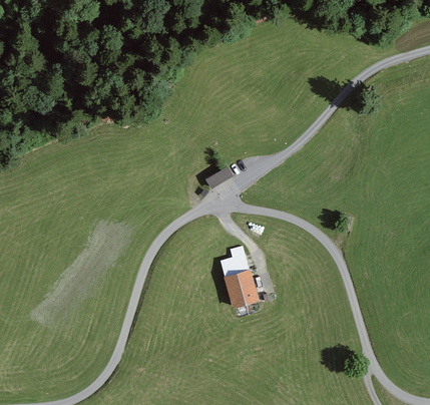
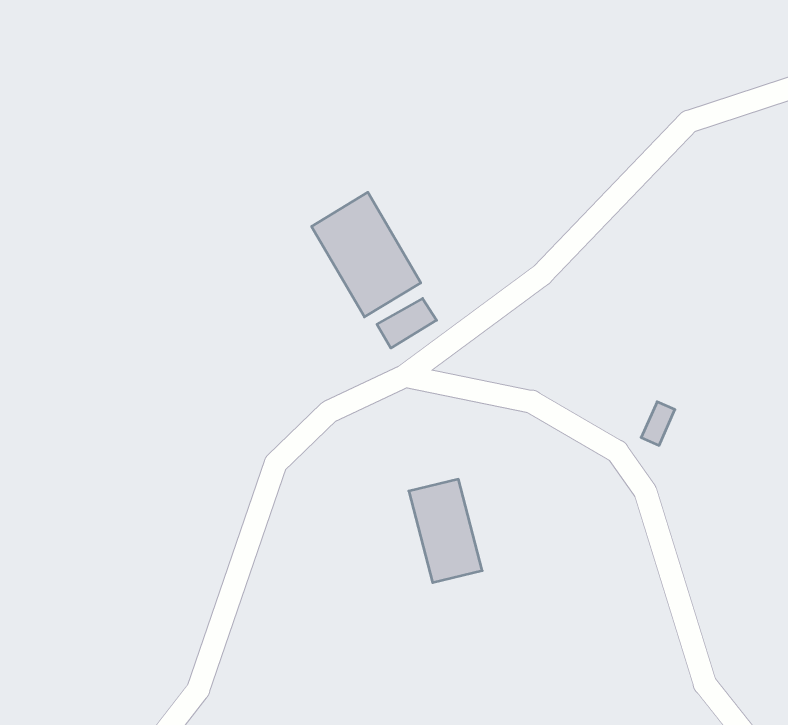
building: none -> [312,192,421,317]

